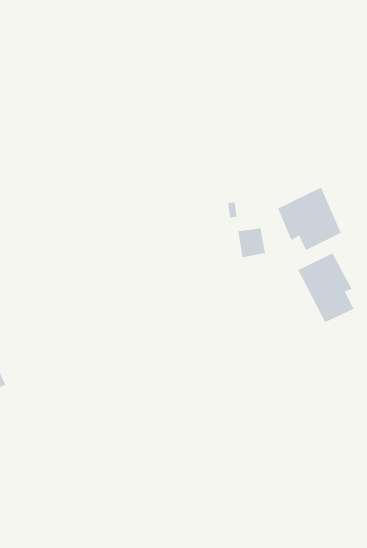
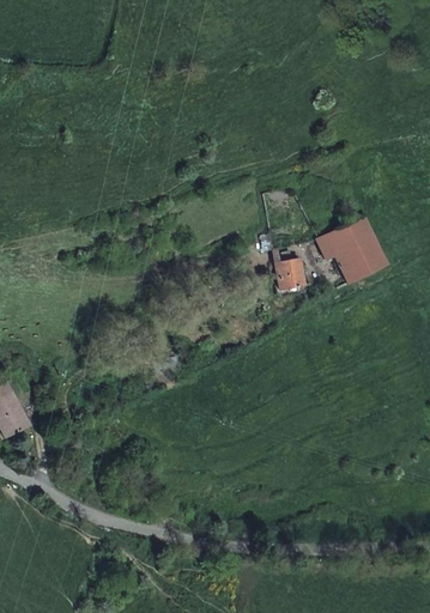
building: [297,252,354,323] -> none

